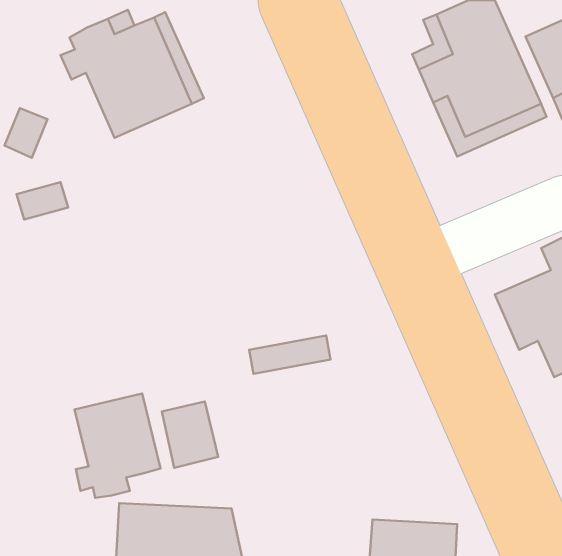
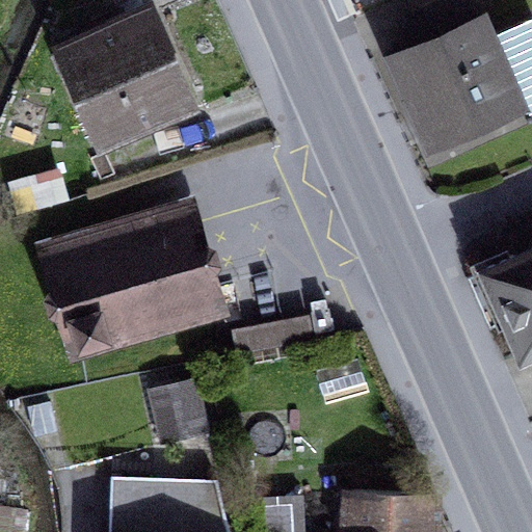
building: none -> [56,220,212,349]
building: [75,393,160,498] -> none

